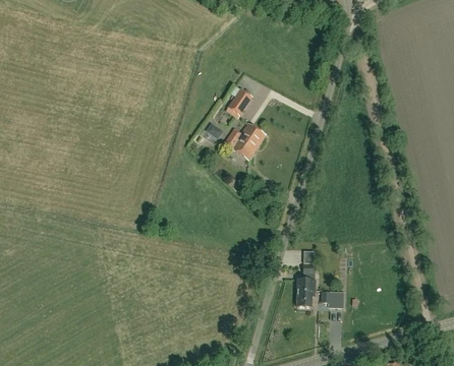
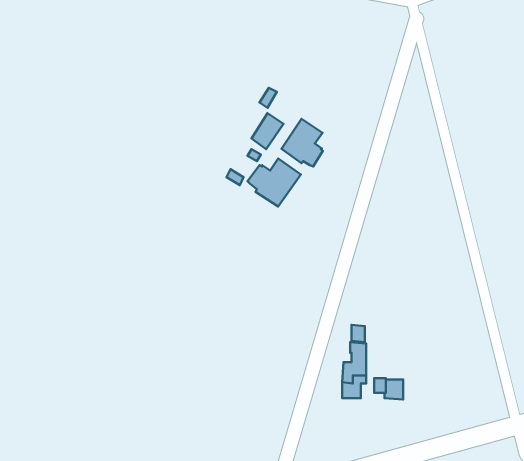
building: none -> [282,119,323,167]

